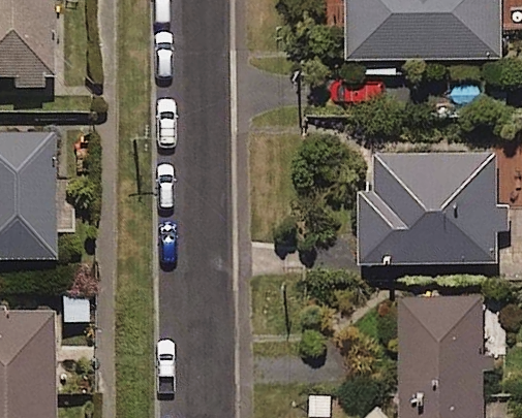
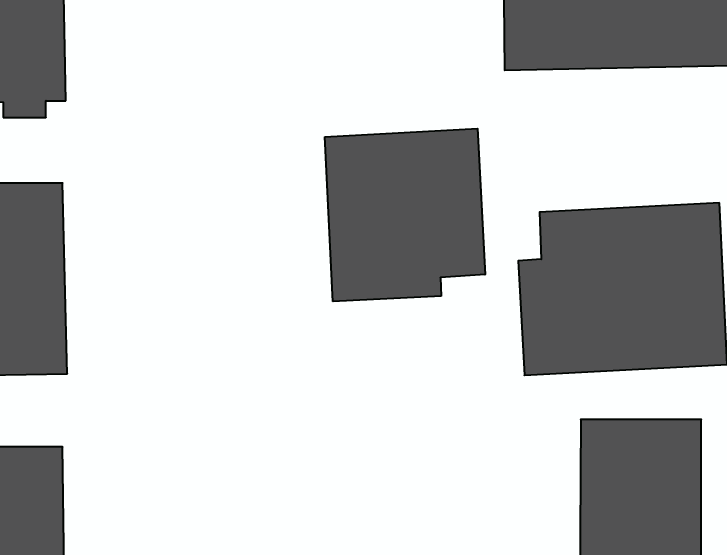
building: none -> [325,129,485,301]

